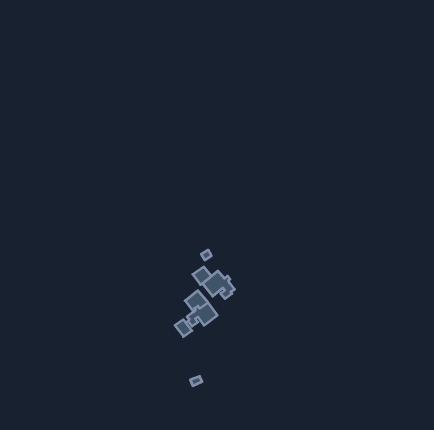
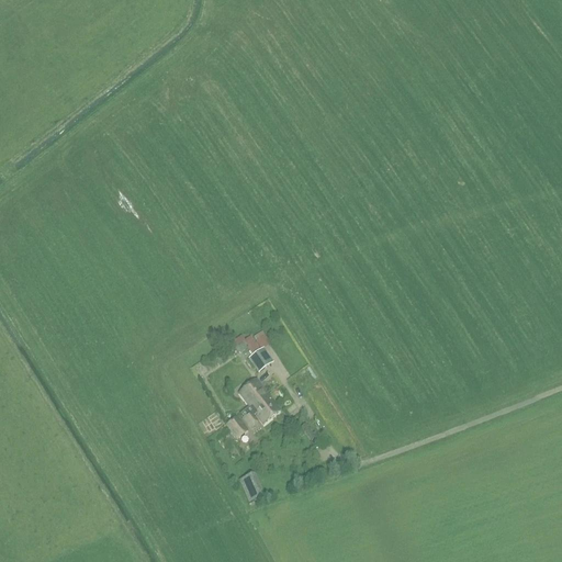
building: [203,271,235,299] -> none

